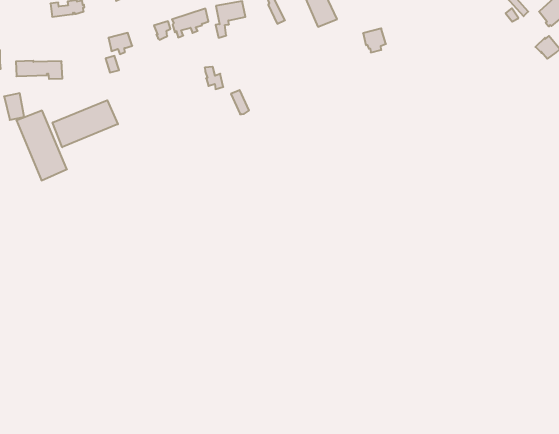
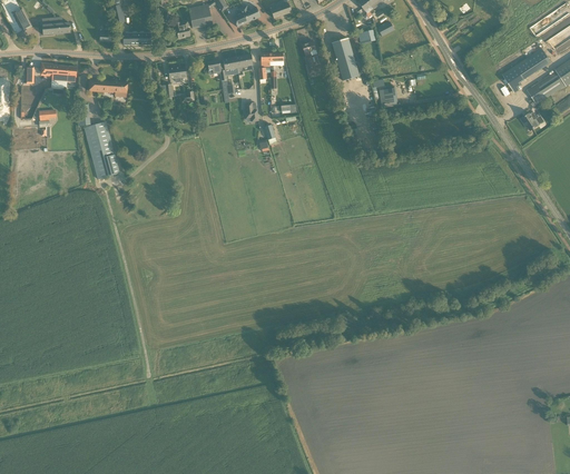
building: [53,100,118,147] -> none

